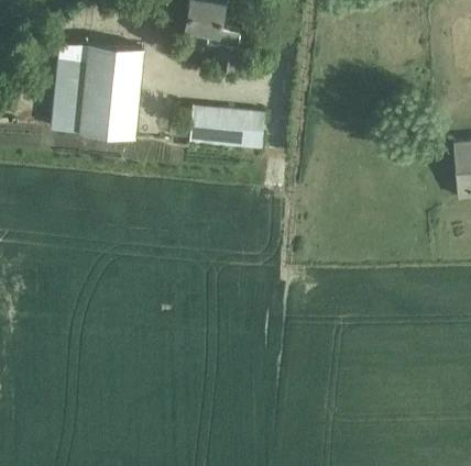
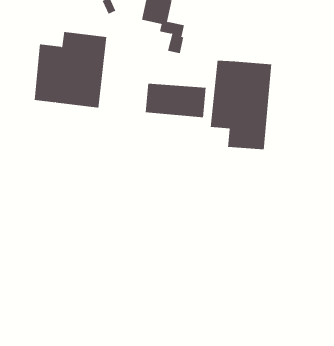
building: none -> [210,60,272,150]

